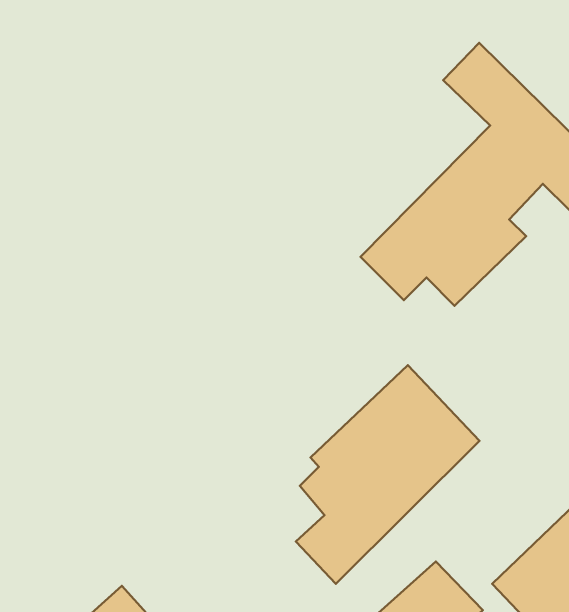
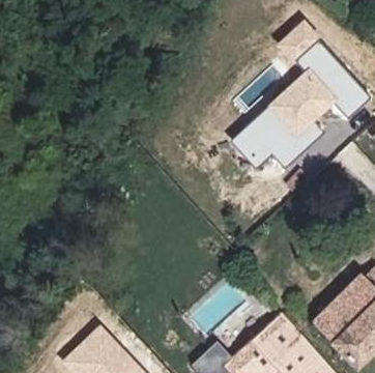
building: [296,365,480,584] -> none

